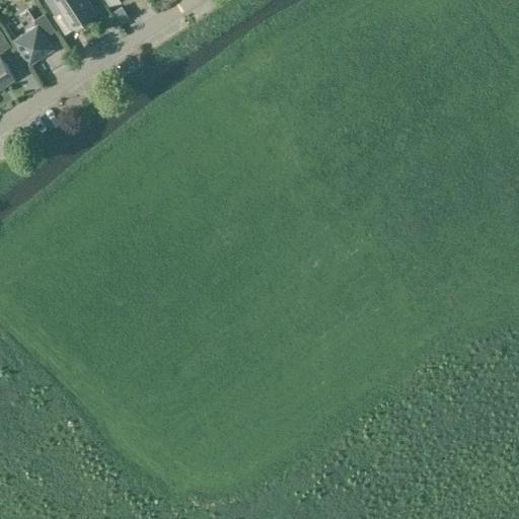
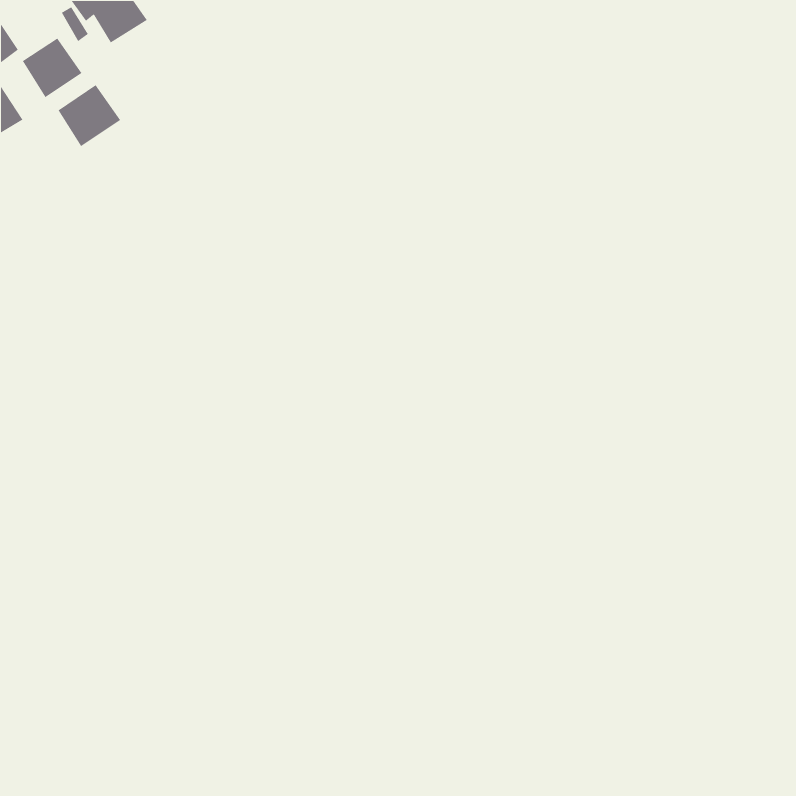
building: none -> [58,84,121,147]

